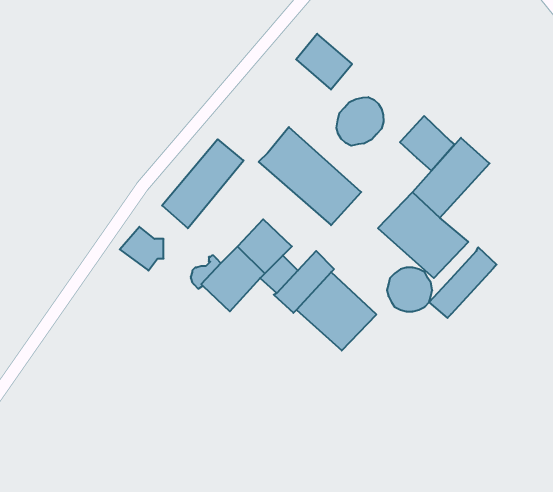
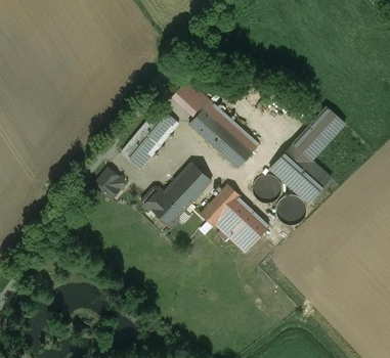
building: [296,34,352,90] -> [171,80,209,118]
building: [336,97,383,146] -> none
building: [400,116,454,171] -> none
building: none -> [252,175,280,203]
building: [429,247,497,318] -> none

